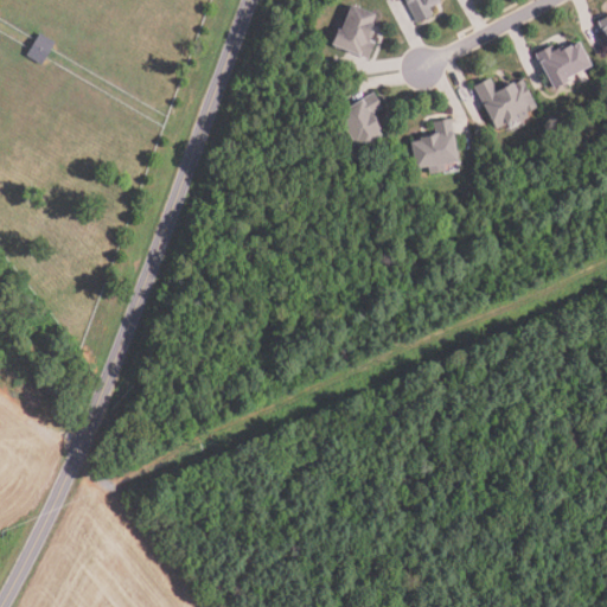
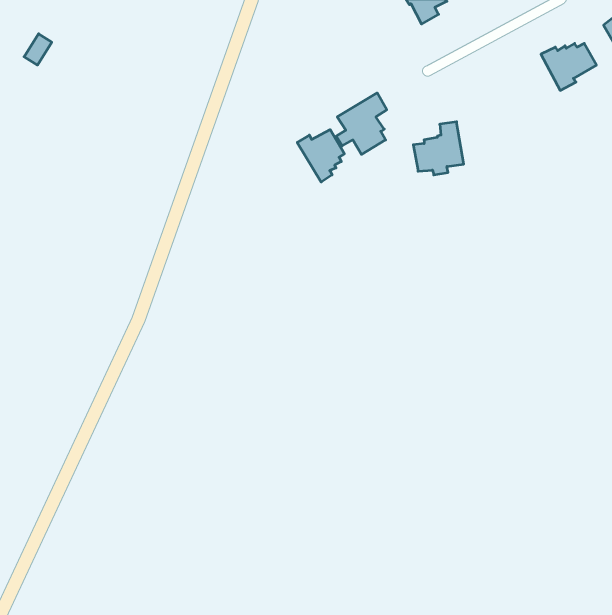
building: [331,5,376,59] -> none
building: [474,77,538,130] -> none
building: none -> [297,130,344,182]

